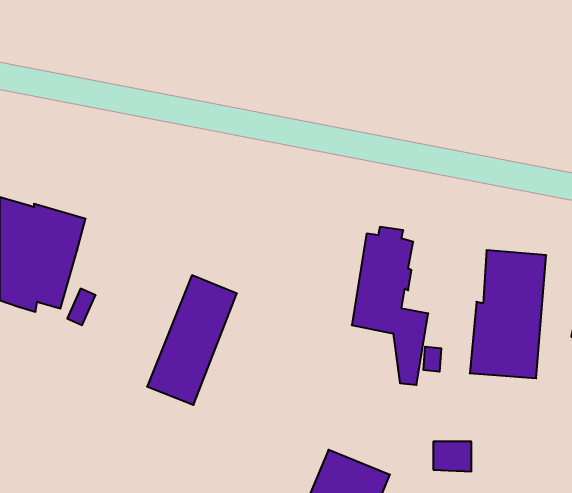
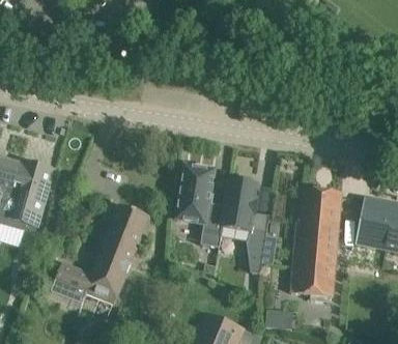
building: none -> [176,166,225,247]
building: none -> [51,263,121,305]
building: none -> [291,266,335,296]

